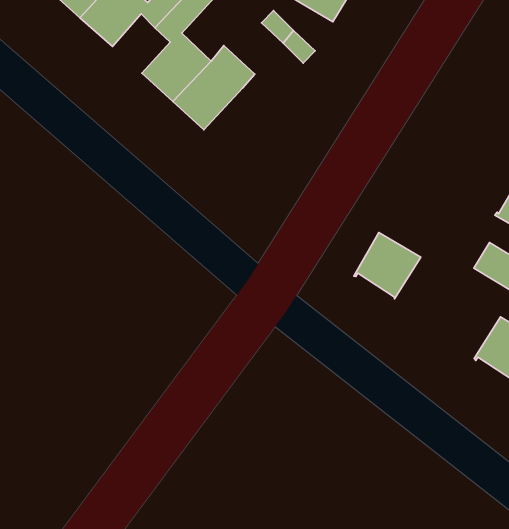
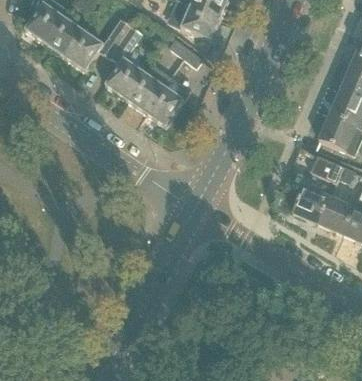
building: none -> [145,76,191,126]
building: [354,233,421,299] -> [293,186,330,223]

